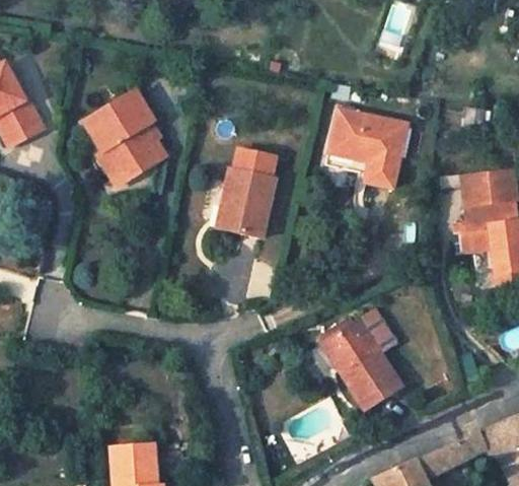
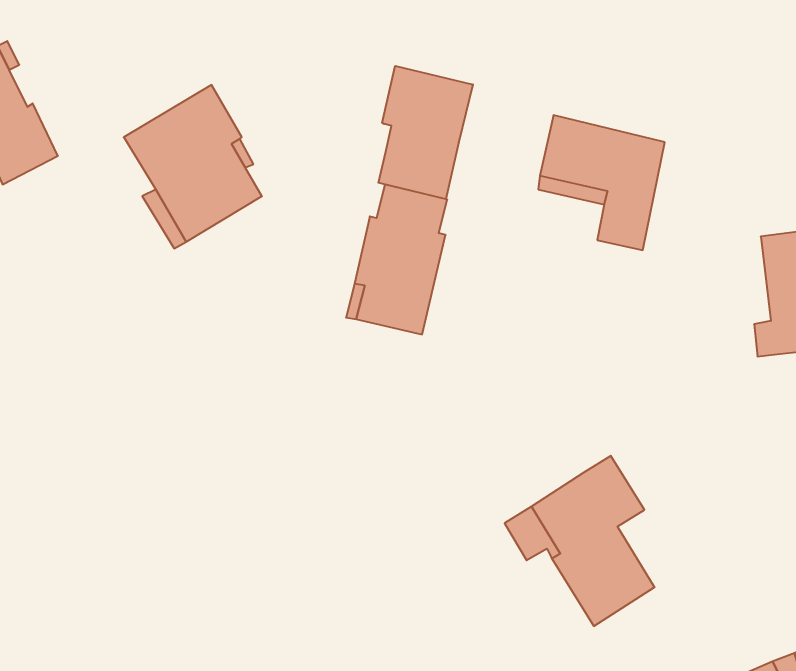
building: none -> [378,66,473,199]

